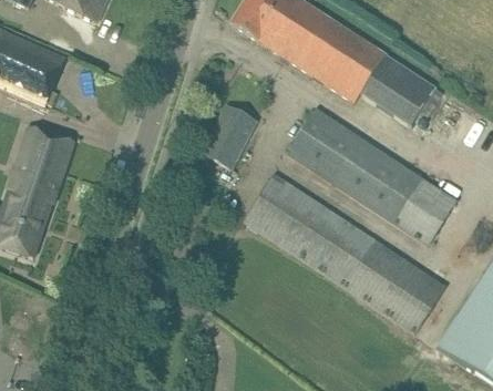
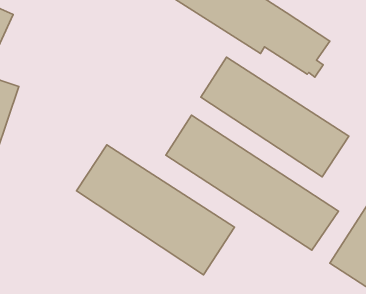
building: [202,105,256,168] -> none
building: none -> [77,145,234,275]

